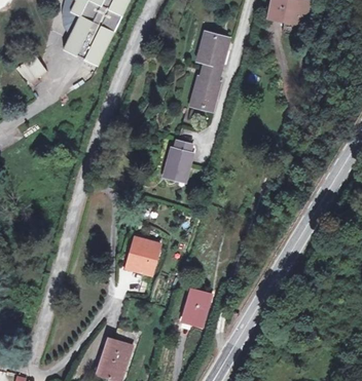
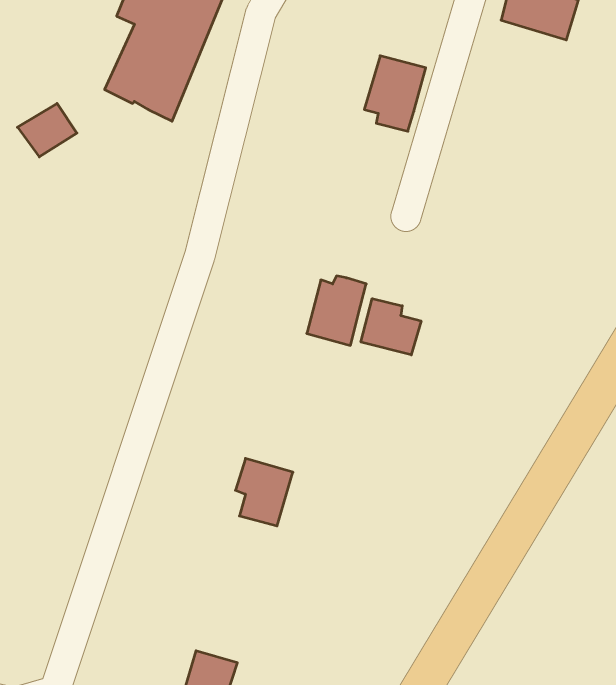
building: [189,67,218,109] -> none
building: none -> [361,299,421,355]
building: [184,288,213,329] -> none

